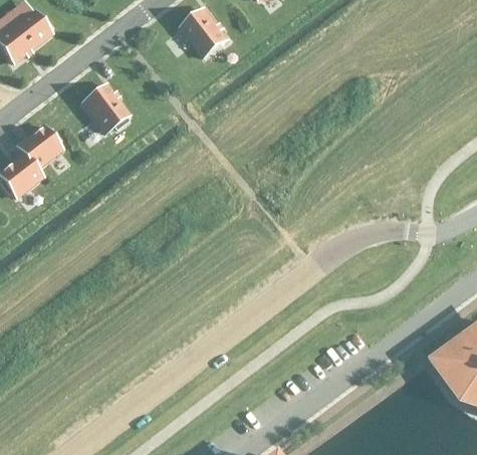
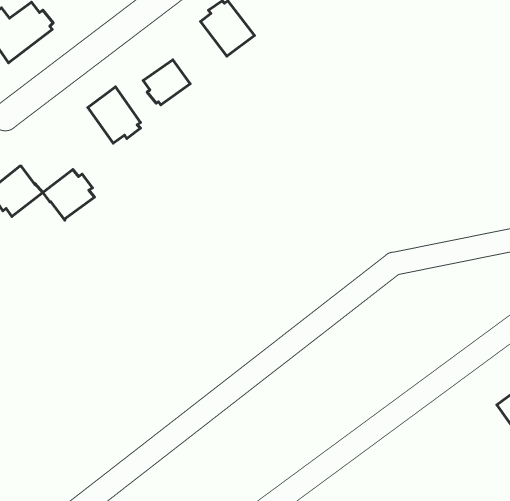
building: none -> [143,60,190,105]
building: [16,125,61,169] -> [43,170,95,220]

